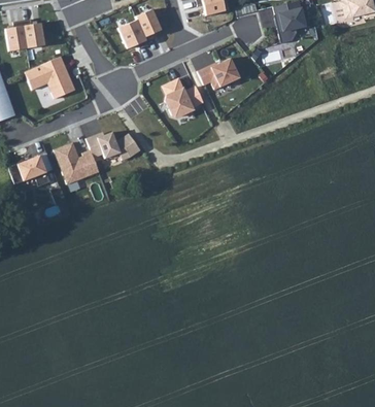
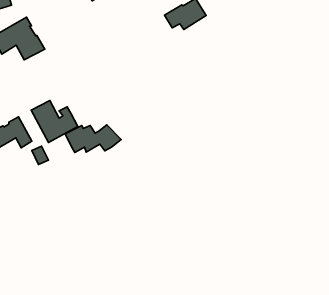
building: [162,79,203,116] -> none
building: [86,132,140,160] -> [65,125,121,152]

